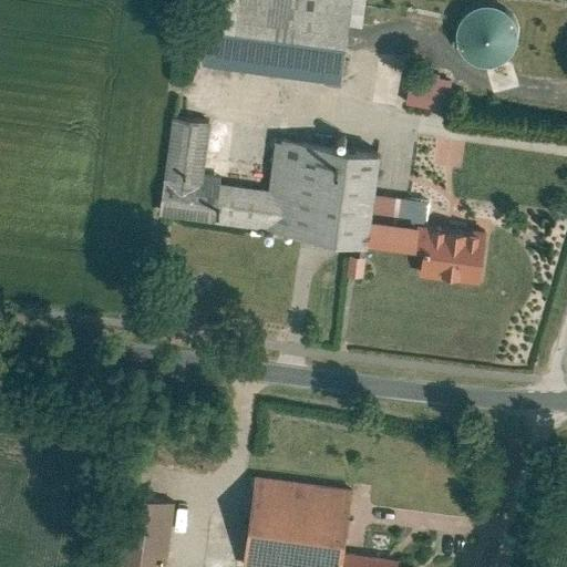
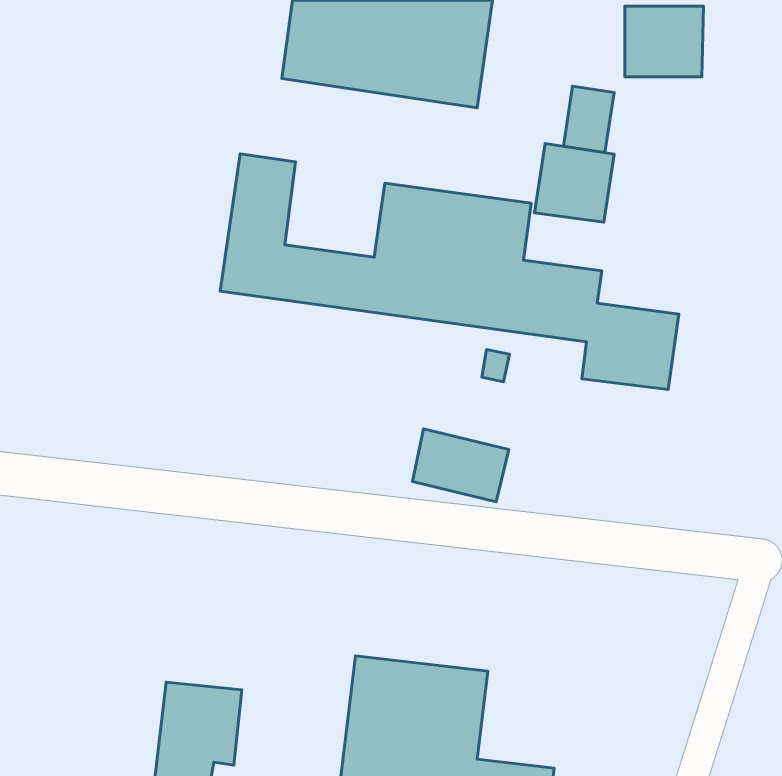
building: none -> [534,144,614,222]
building: none -> [412,429,509,502]

